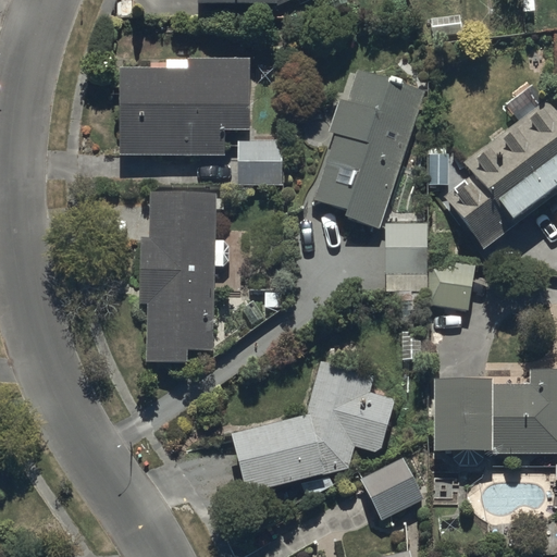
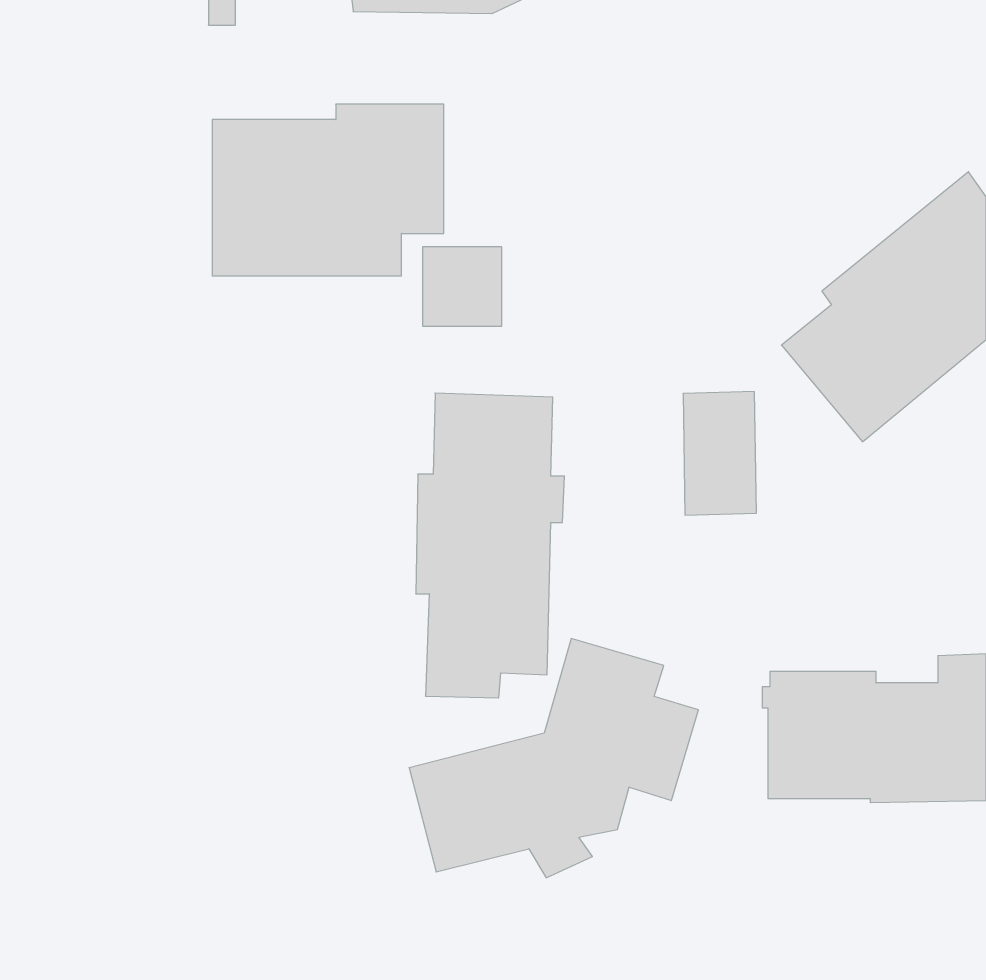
building: [313,70,423,227] -> none
building: [140,191,224,363] -> [416,393,564,698]
building: [361,456,423,519] -> none

